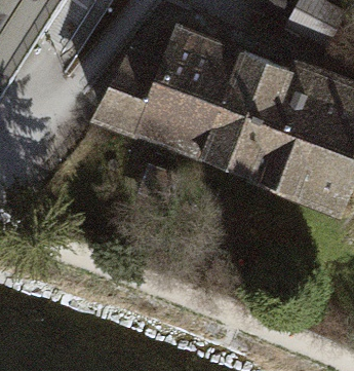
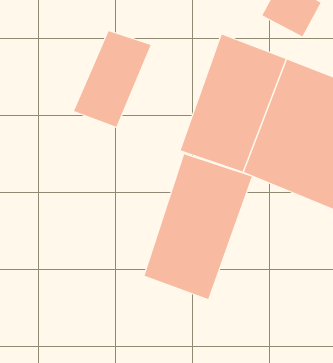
building: [136,27,235,157] -> none
building: none -> [144,154,253,300]

